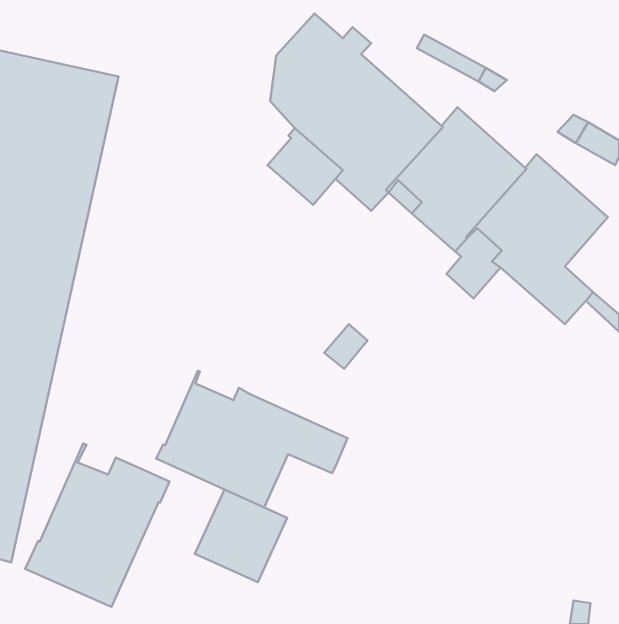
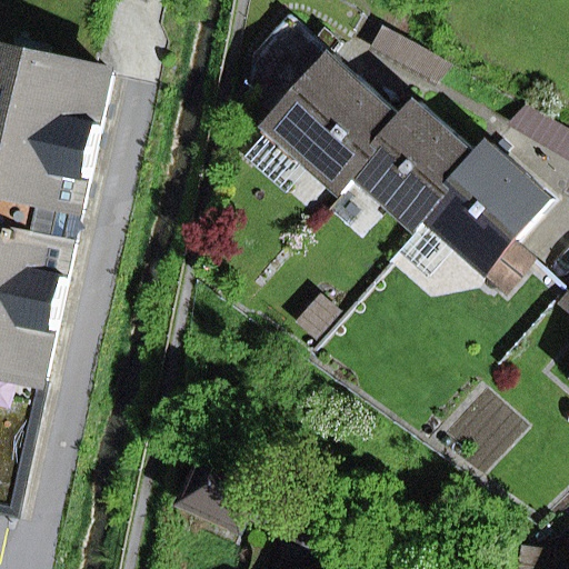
building: [156,371,348,507] -> none
building: [25,443,169,607] -> none

